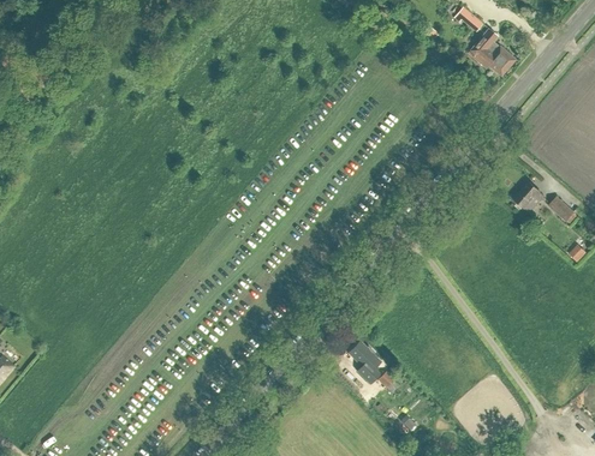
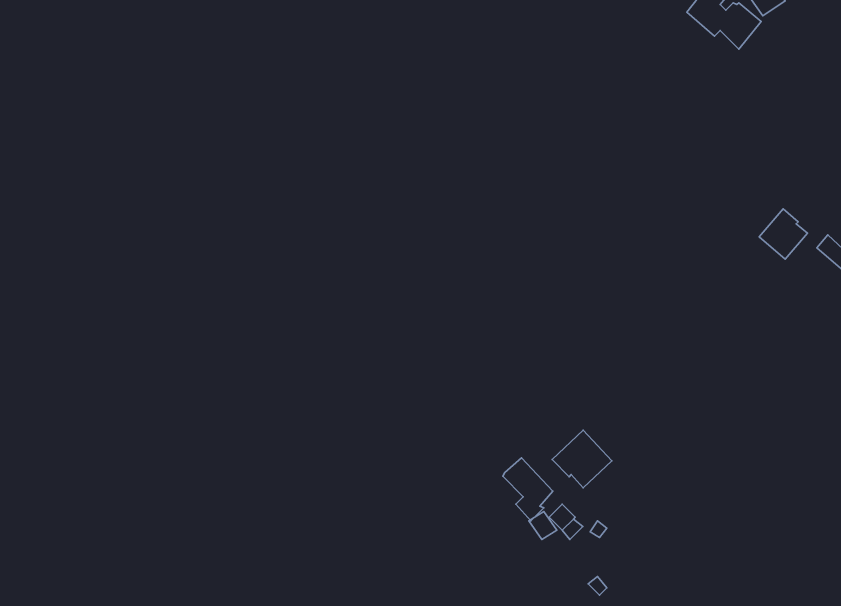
building: none -> [552,430,612,488]

